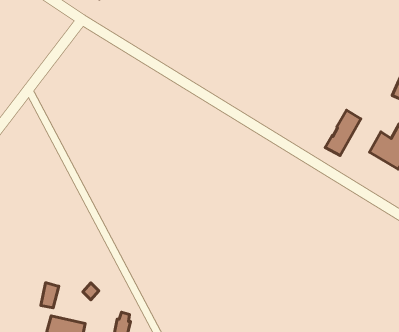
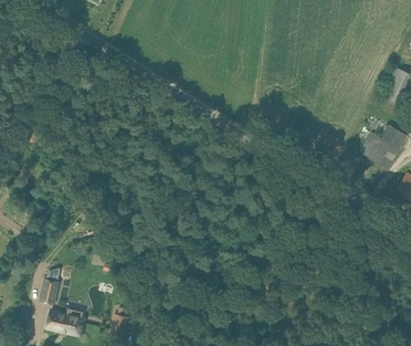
building: [325,110,361,155] -> none

